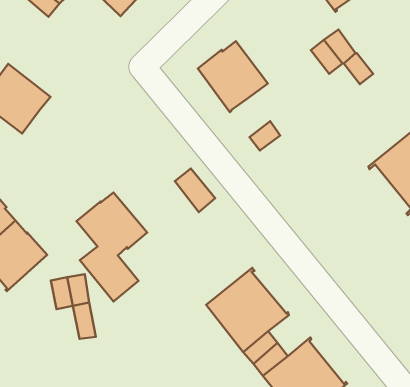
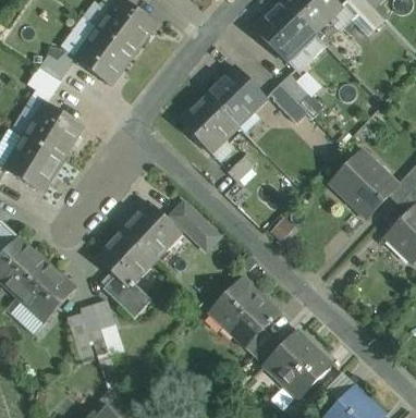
building: none -> [208,66,266,125]
building: none -> [24,102,83,158]
building: none -> [123,201,181,259]

